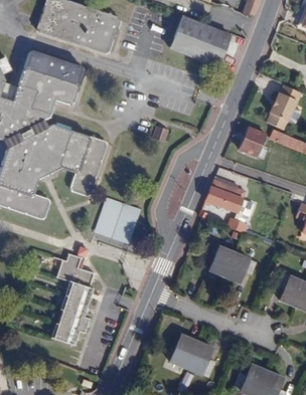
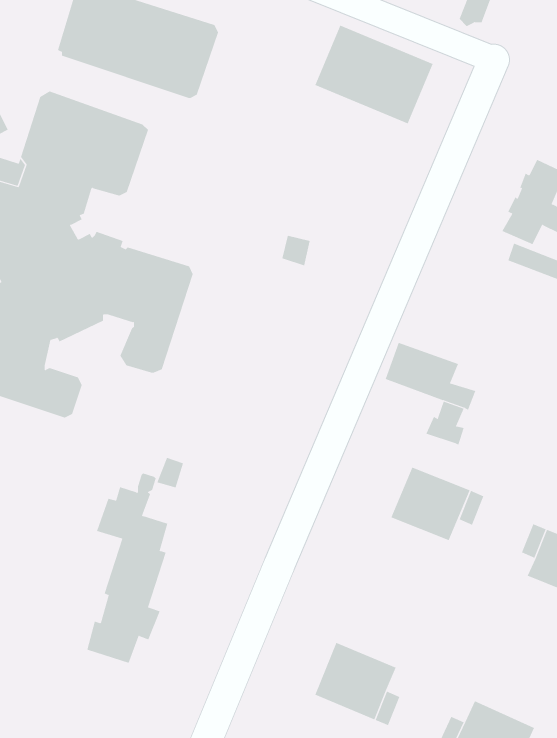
building: [240,127,266,157] -> none
building: [94,196,142,245] -> none

